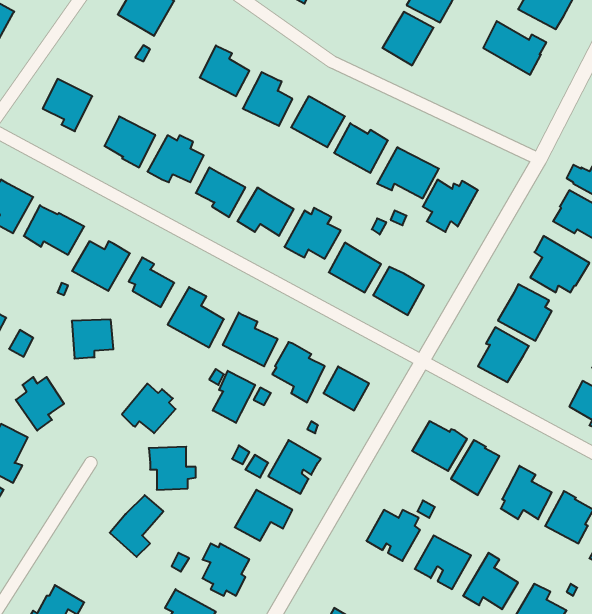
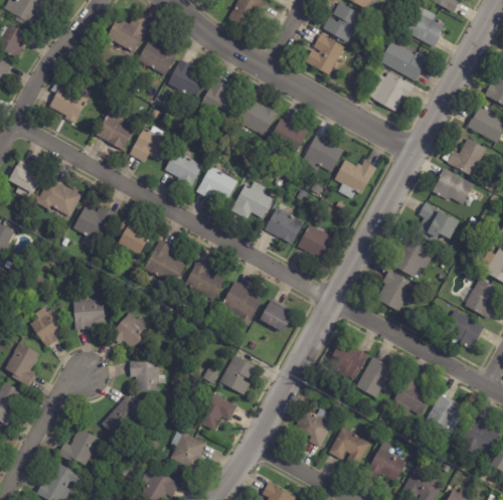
building: none -> [137,40,178,75]
building: none -> [368,71,413,112]
building: [72,320,113,359] -> [73,301,105,330]
building: [213,371,255,423] -> none
building: none -> [57,429,101,467]

